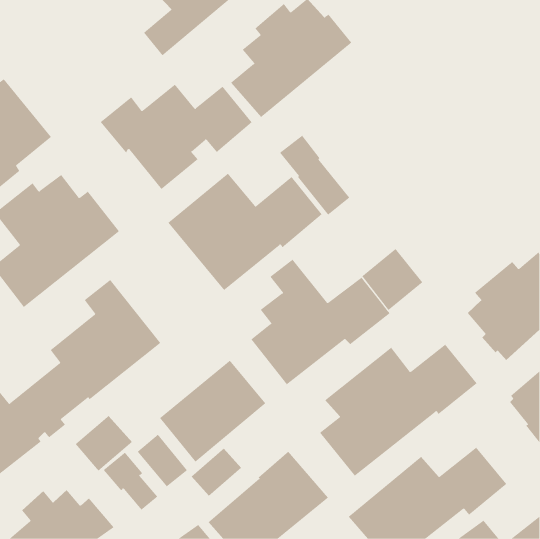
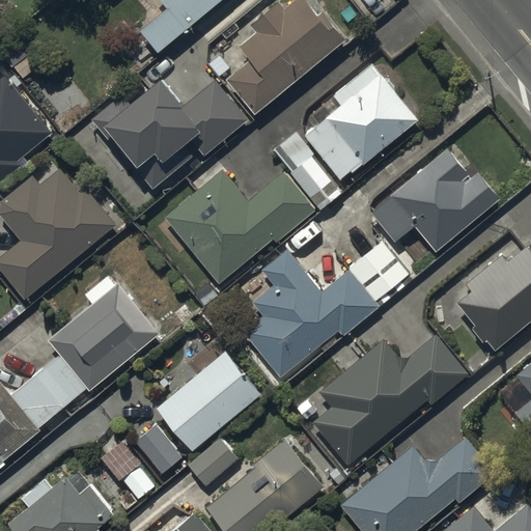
building: none -> [303,61,418,184]
building: none -> [371,150,499,253]
building: [75,415,133,471] -> none

